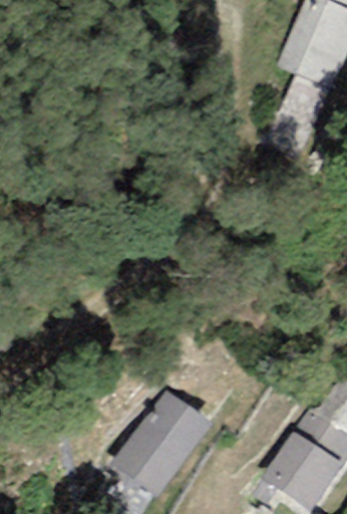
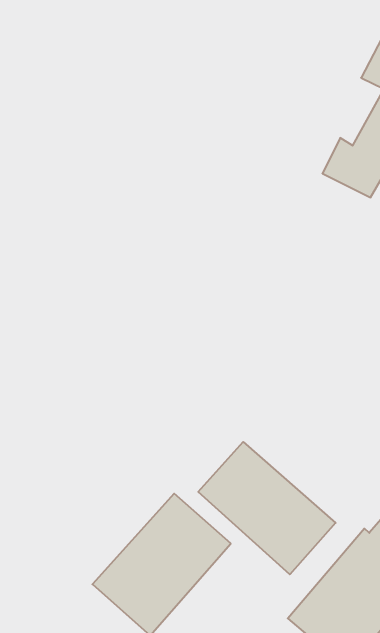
building: none -> [198,442,336,574]

